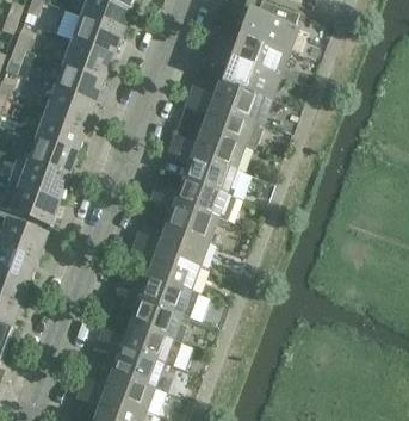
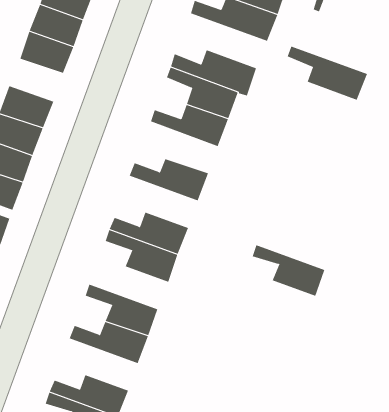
building: [204,48,277,97] -> [287,46,368,101]
building: [45,88,94,126] -> none
building: [167,144,233,191] -> none
building: [149,193,215,240] -> [252,244,325,296]
building: [117,274,188,312] -> none
building: [95,339,161,385] -> none

